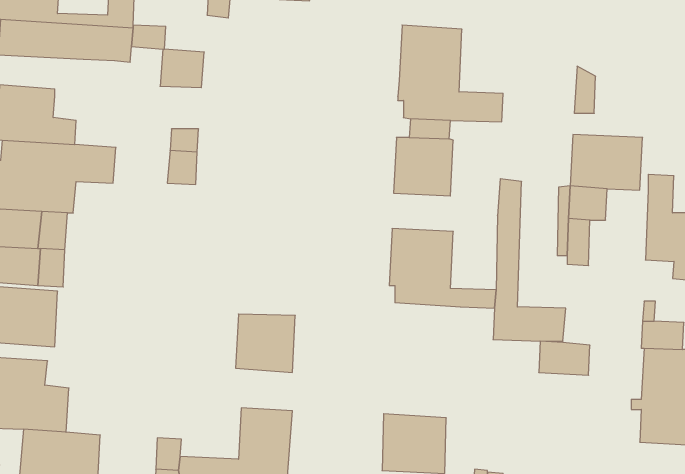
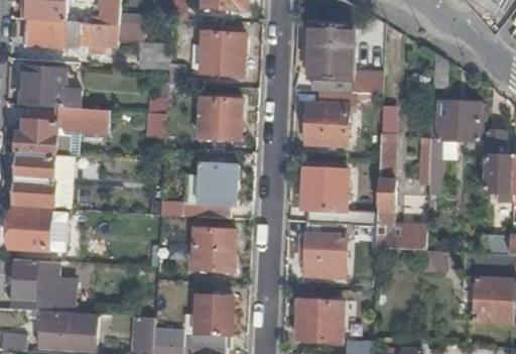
building: none -> [200,30,244,73]
building: none -> [199,98,240,138]
building: none -> [160,162,237,218]
building: none -> [299,220,352,275]

